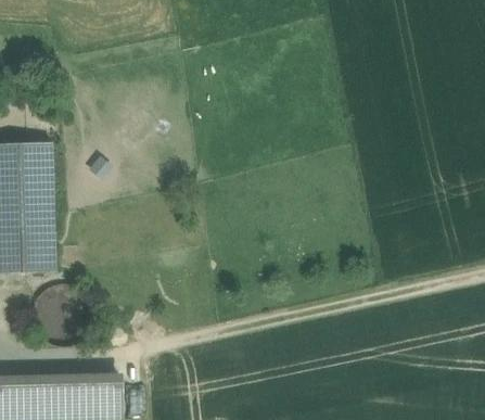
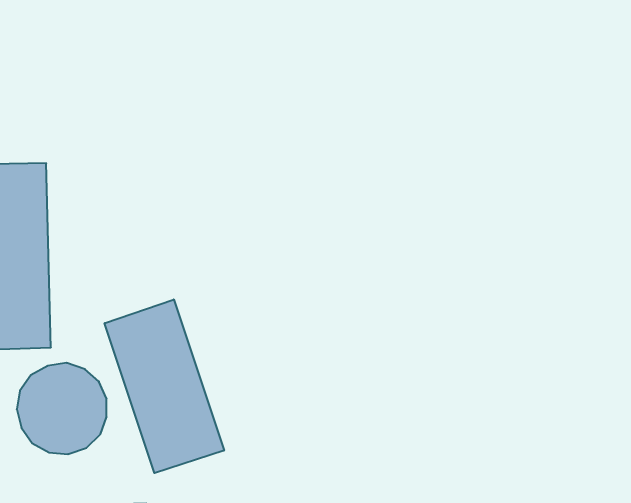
building: none -> [105,299,224,473]

